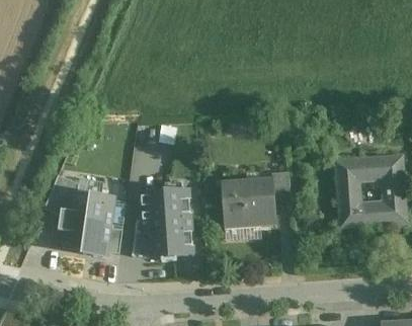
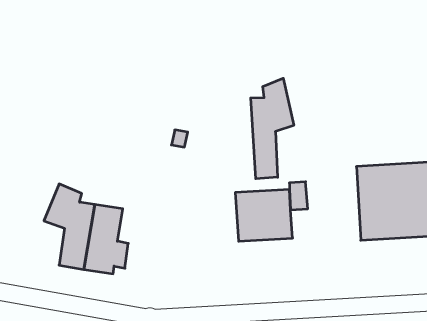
building: none -> [251,78,294,179]
building: [131,188,194,258] -> none

